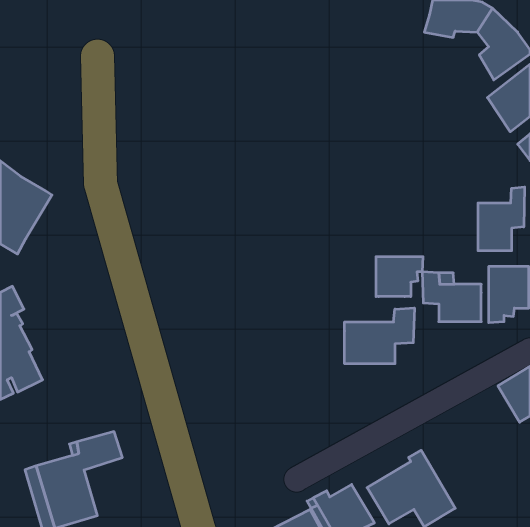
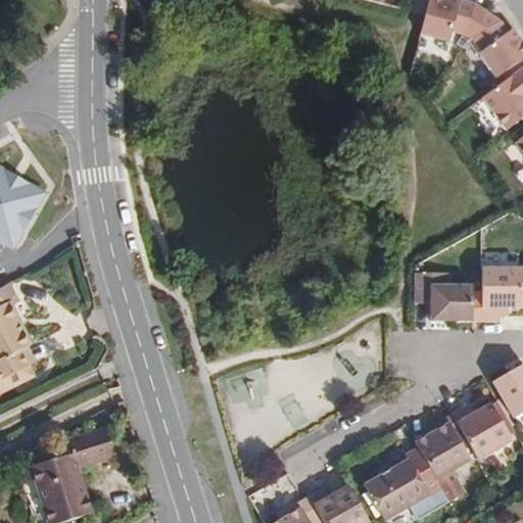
building: [478,187,525,251] -> none
building: [376,257,423,297] -> none
building: [345,308,414,364] -> none
building: none -> [454,405,513,461]
building: none -> [411,416,464,505]

